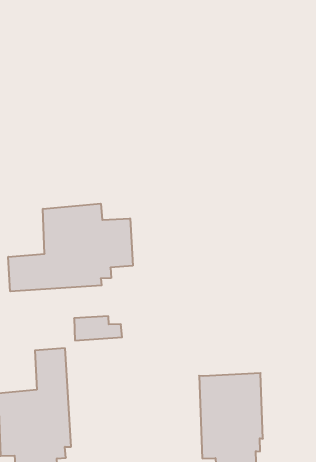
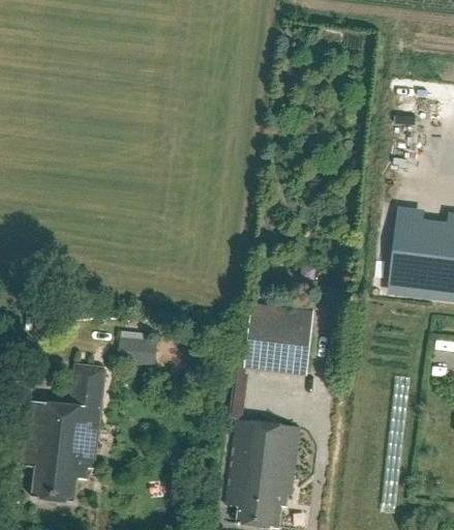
building: [8,204,133,291] -> none
building: none -> [243,302,313,375]

